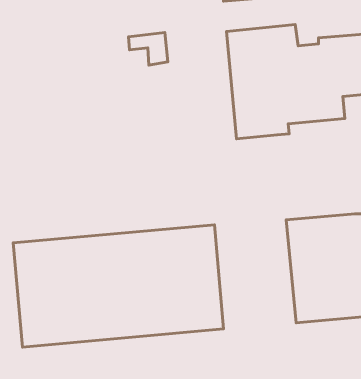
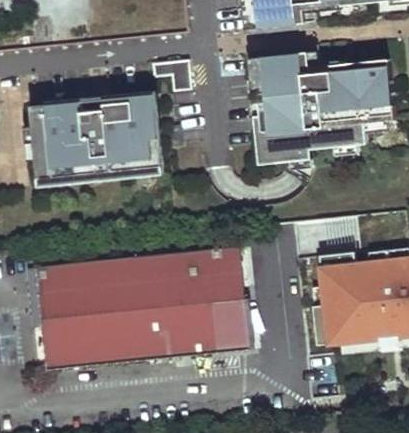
building: none -> [29,92,161,185]

